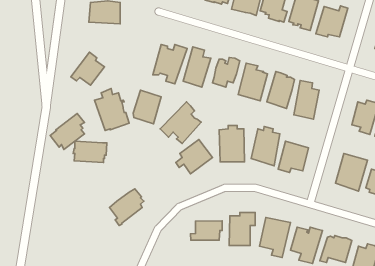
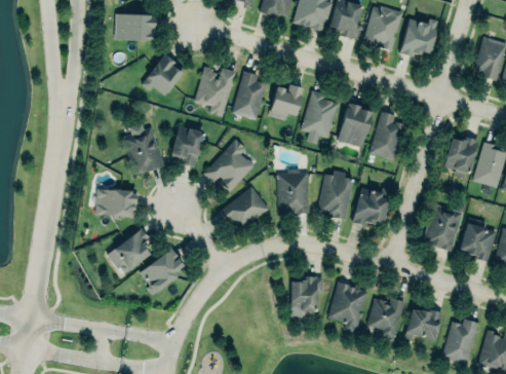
building: [71,52,104,85] -> [142,53,184,95]
building: [50,113,84,149] -> [107,227,150,272]
building: [191,221,222,240] -> none

